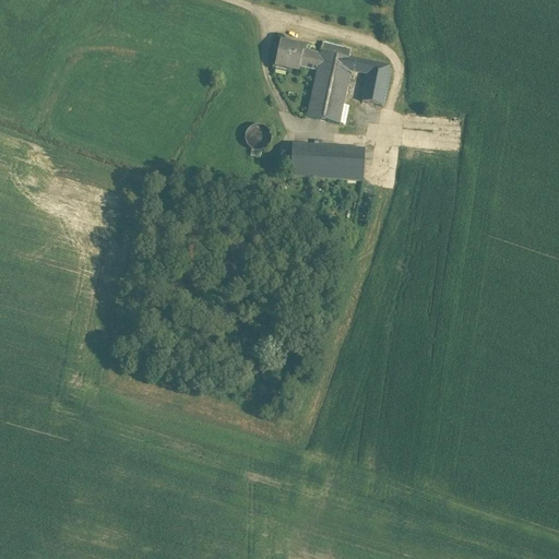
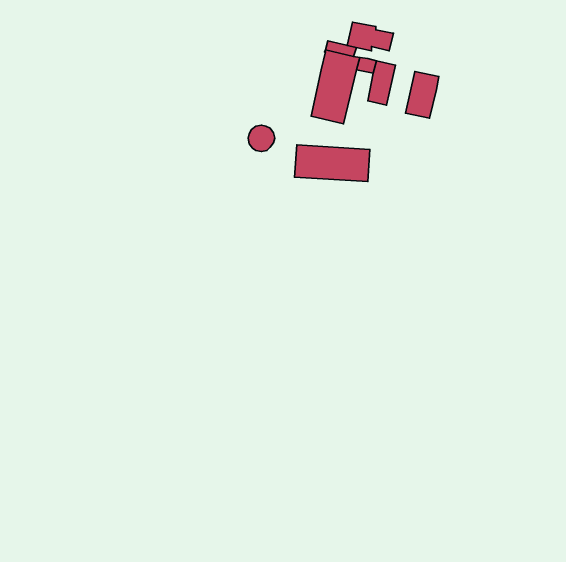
building: [275,40,321,69] -> [347,22,394,51]
building: none -> [406,71,439,118]

